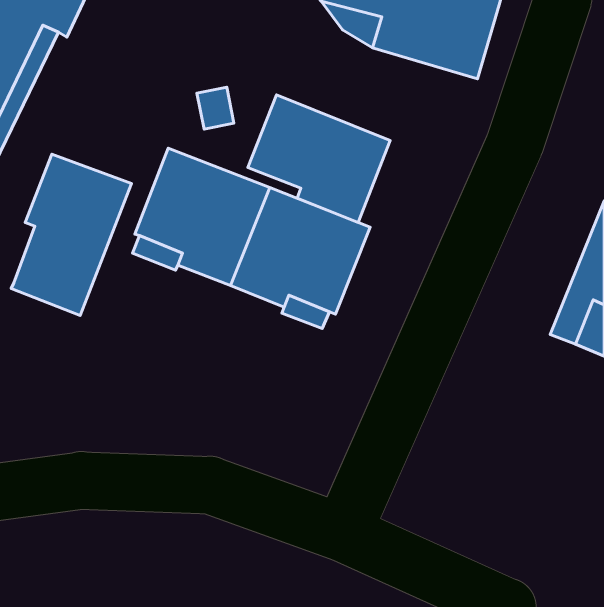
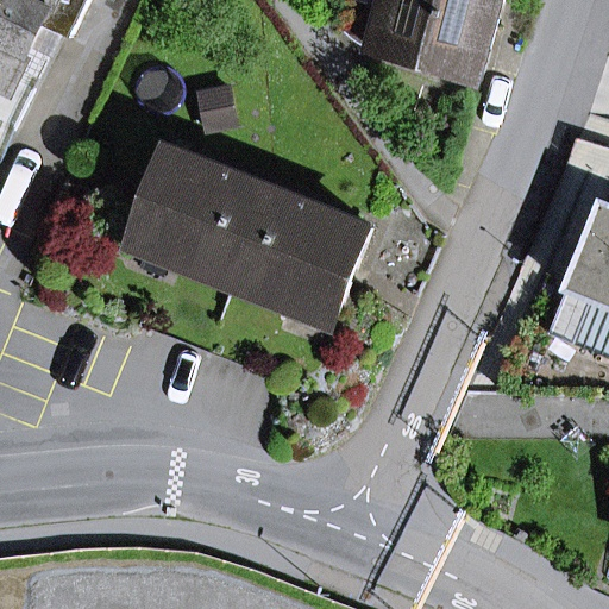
building: [248,95,390,222] -> none
building: [11,154,132,315] -> none

